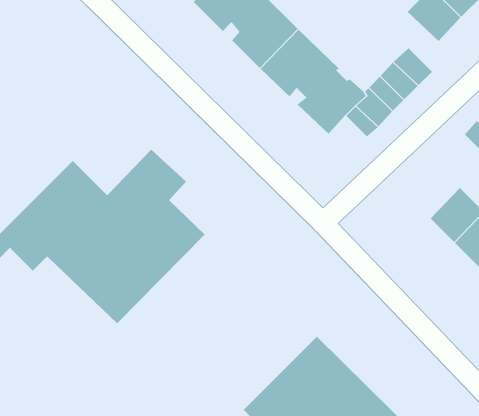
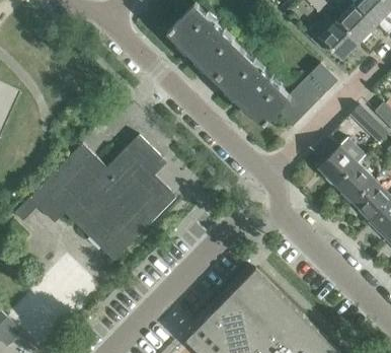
building: none -> [317,146,357,186]

